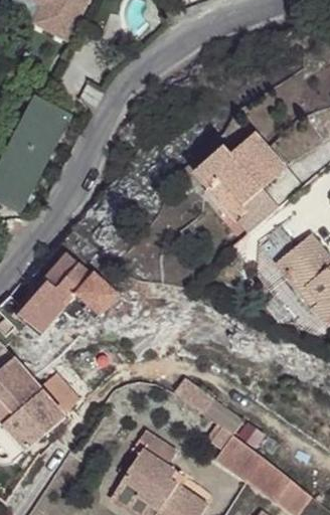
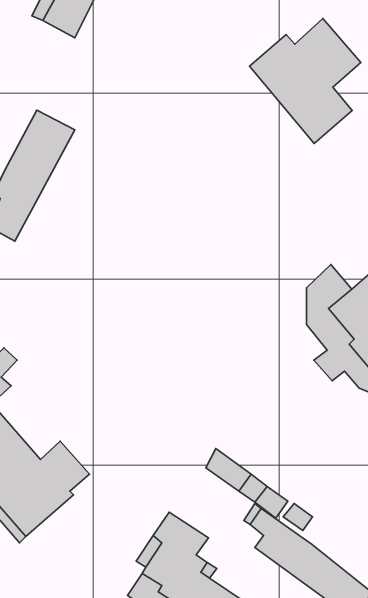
building: [194,131,286,233] -> [249,18,361,143]
building: [17,252,119,336] -> none

